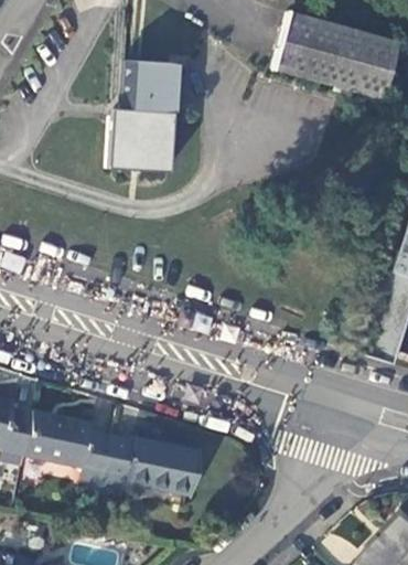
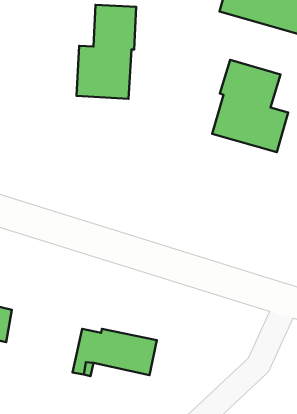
building: none -> [212,60,288,152]
building: [31,413,119,491] -> none

